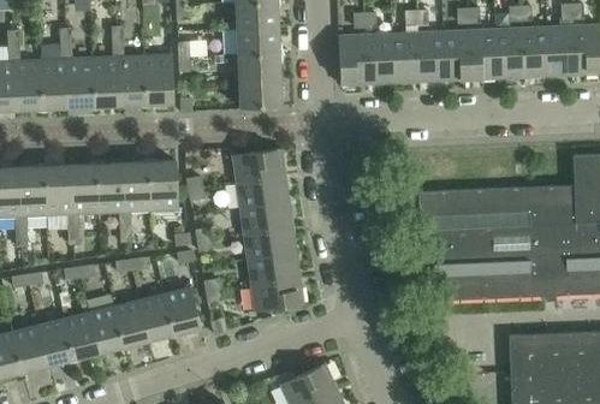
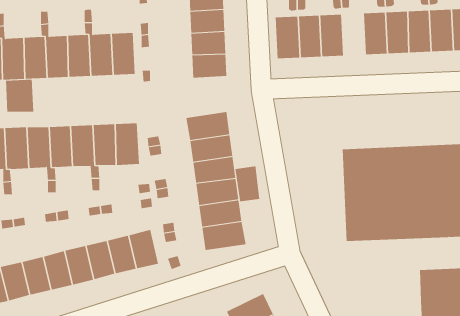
building: [417,30,445,81] -> none
building: none -> [6,79,34,113]
building: none -> [235,166,260,202]

